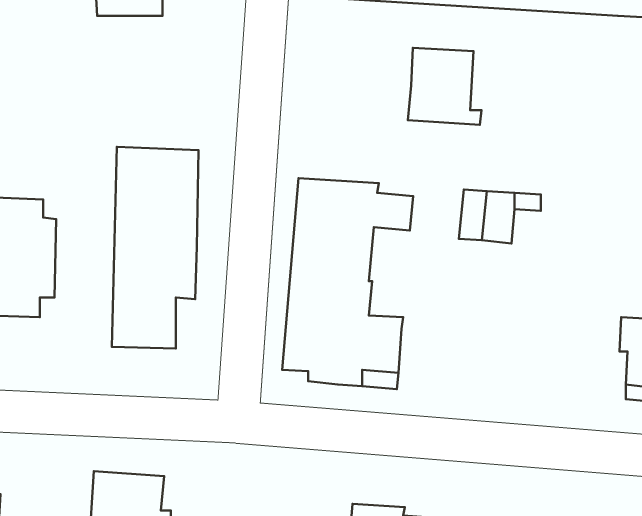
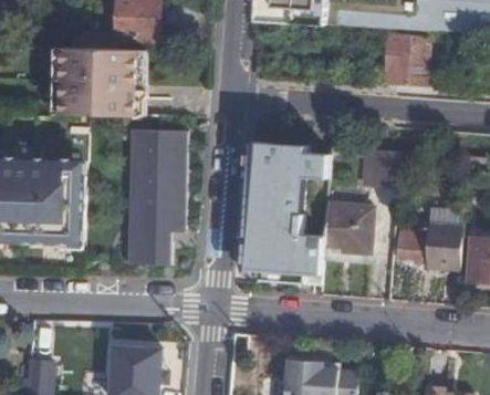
building: none -> [60,43,136,110]
building: [408,48,482,125] -> [379,34,429,86]
building: none -> [322,204,371,253]
building: none -> [394,224,461,269]

